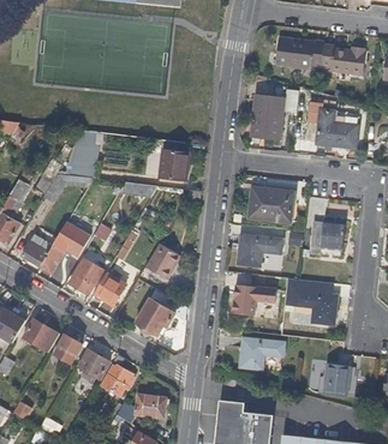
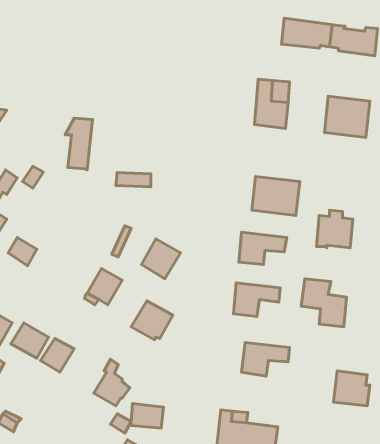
building: [160,138,191,179] -> none
building: [40,226,91,272] -> none
building: [68,258,103,295] -> none
building: [77,348,111,380] -> none

